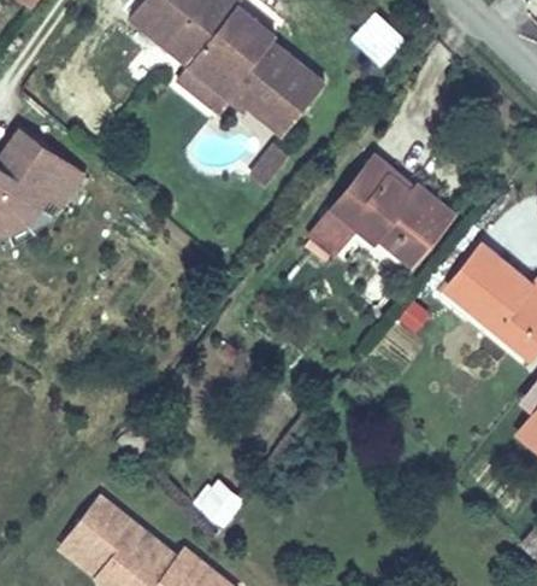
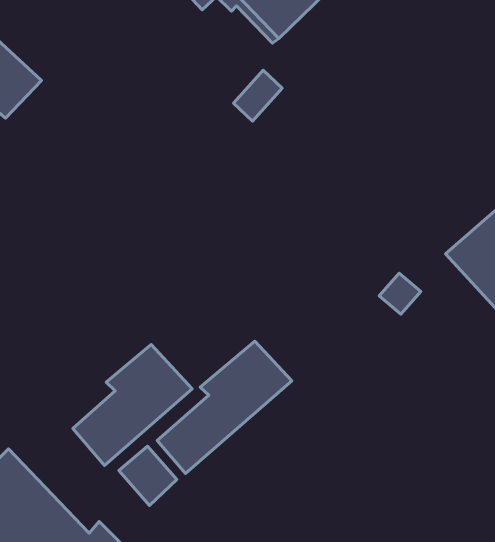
building: [319,156,454,259] -> none
building: none -> [157,341,292,474]
building: none -> [73,344,192,465]

